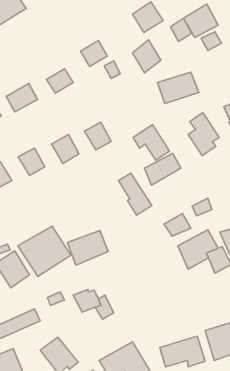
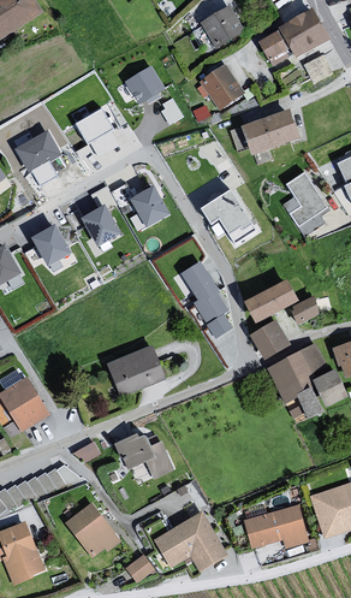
building: [144,154,181,185] -> [243,280,297,327]
building: [18,226,71,276] -> none

